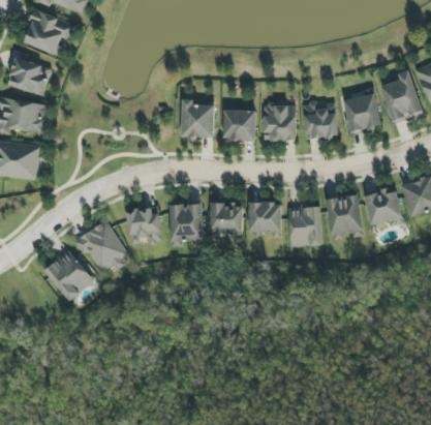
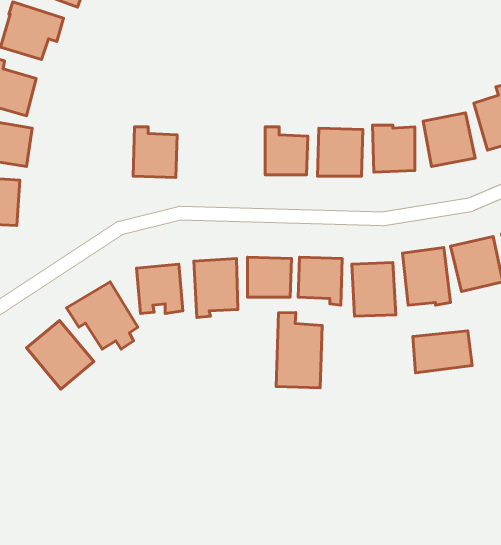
building: [181,99,214,138] -> [133,127,177,178]
building: none -> [276,312,322,388]
building: none -> [413,331,472,373]

